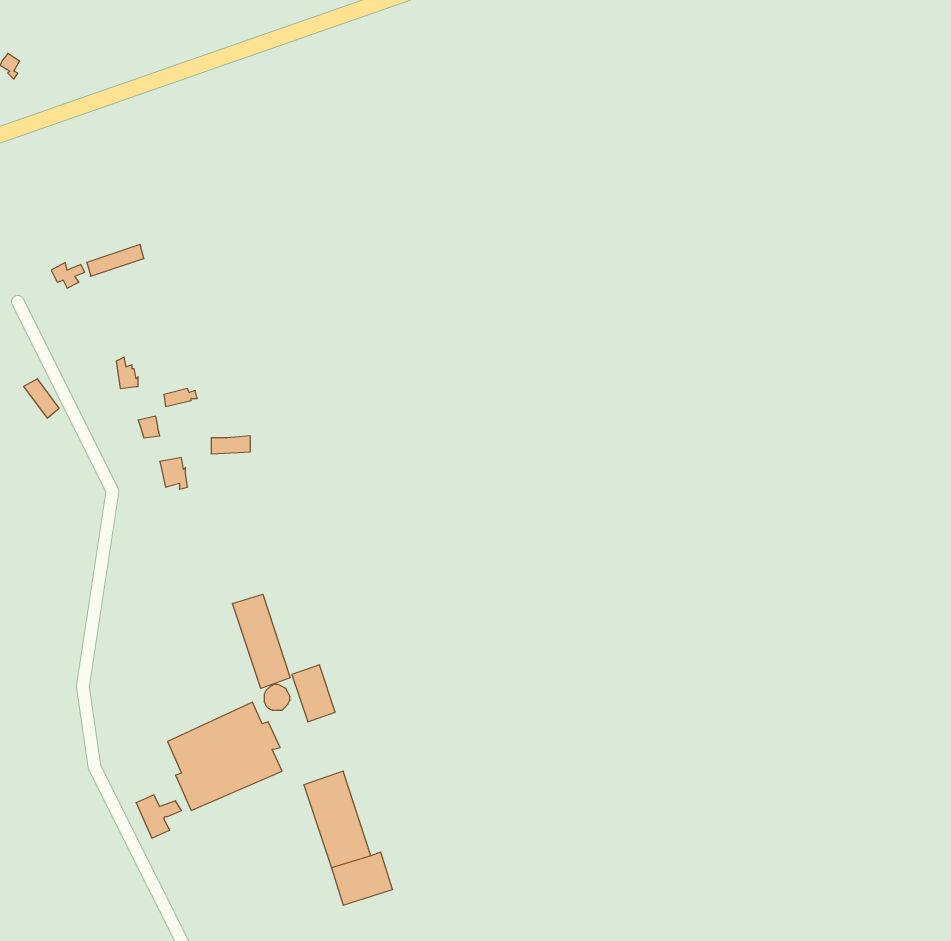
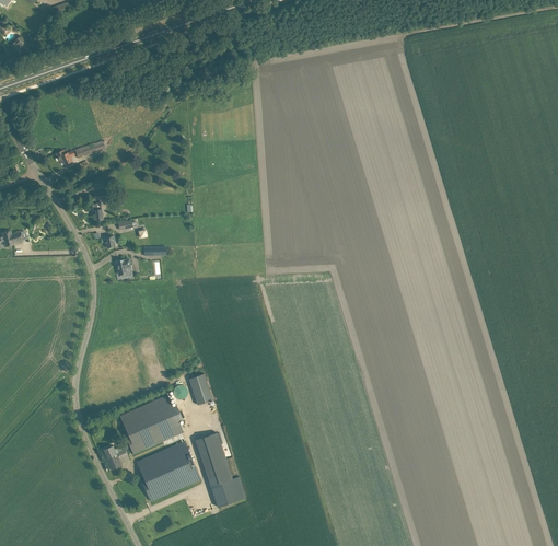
building: [233,594,290,688] -> none
building: none -> [136,441,200,501]

